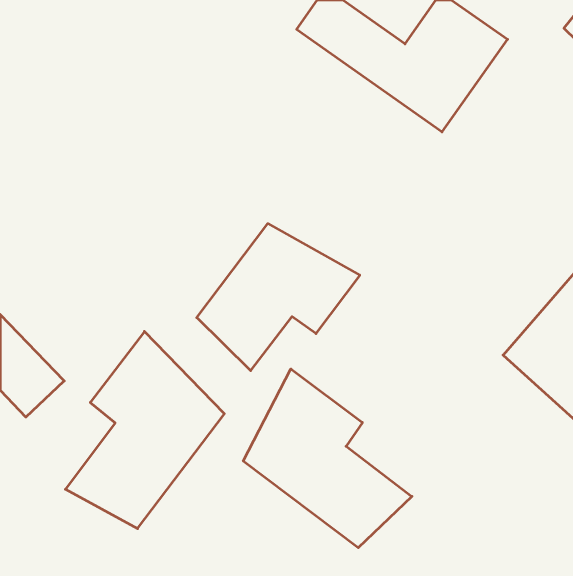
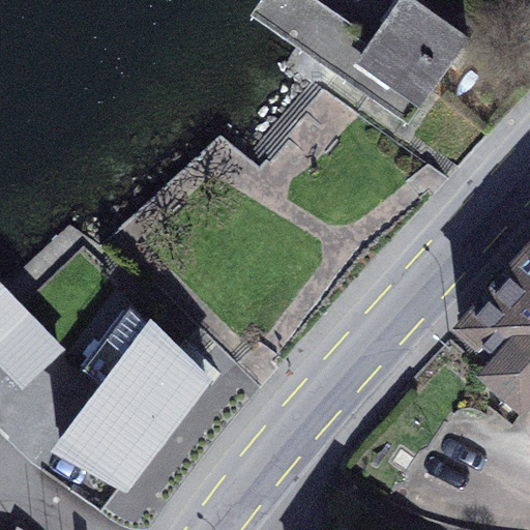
building: [197,224,360,371] -> none
building: [243,369,412,548] -> none

